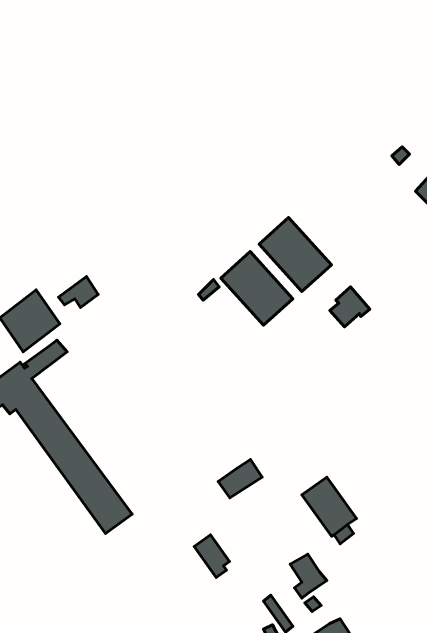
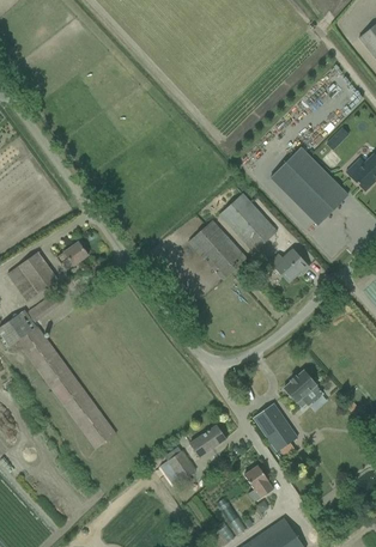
building: none -> [271,146,350,225]
building: none -> [284,370,323,407]
building: [218,459,262,498] -> [190,425,226,456]

